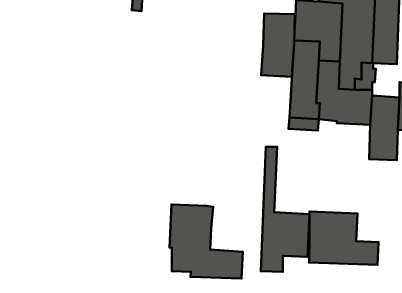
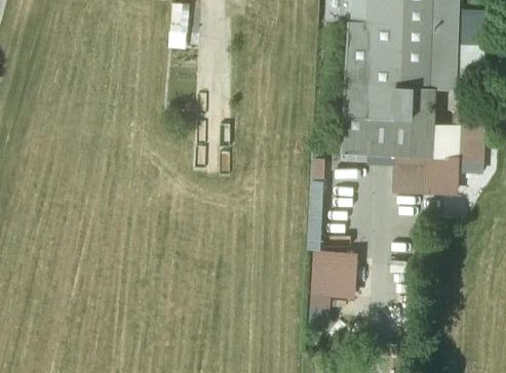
building: [261,13,295,77] -> none
building: none -> [391,154,428,193]
building: [170,205,243,279] -> none
building: [309,211,379,265] -> none

